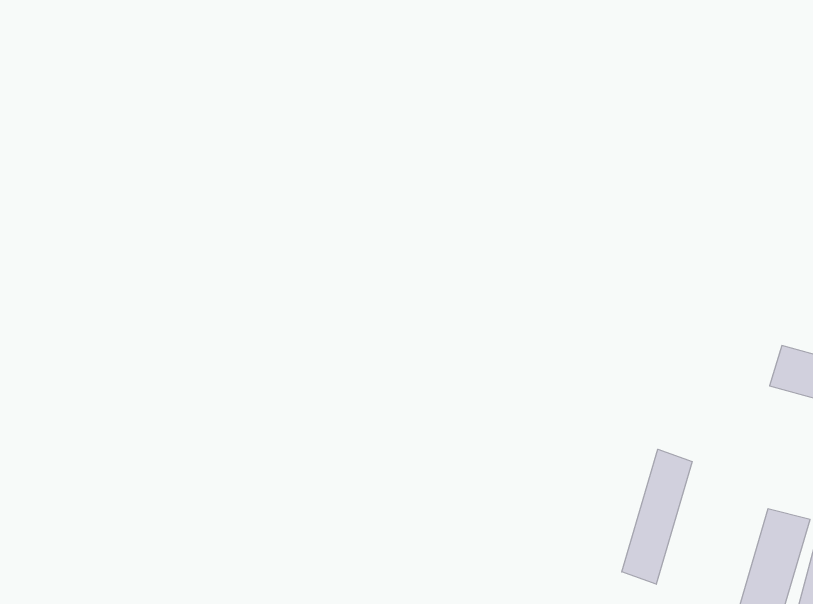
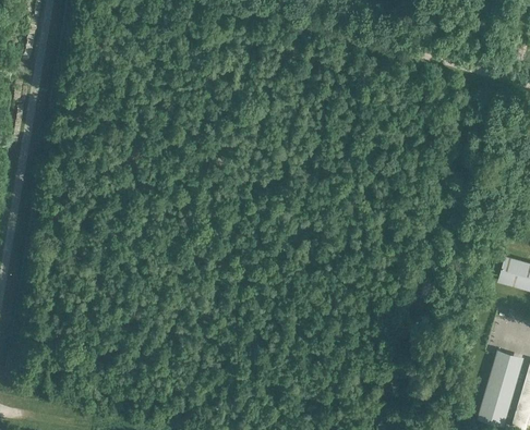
building: [622,449,692,584] -> none

